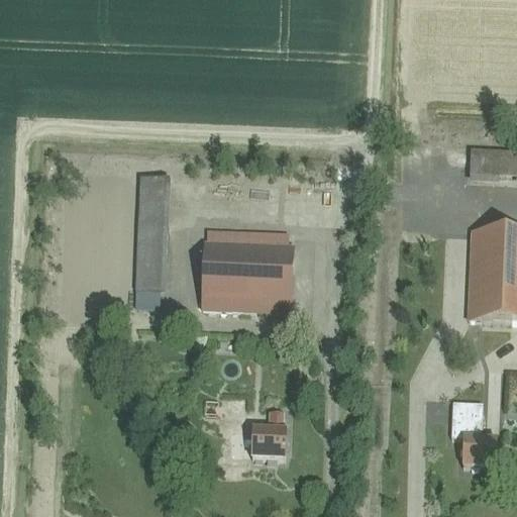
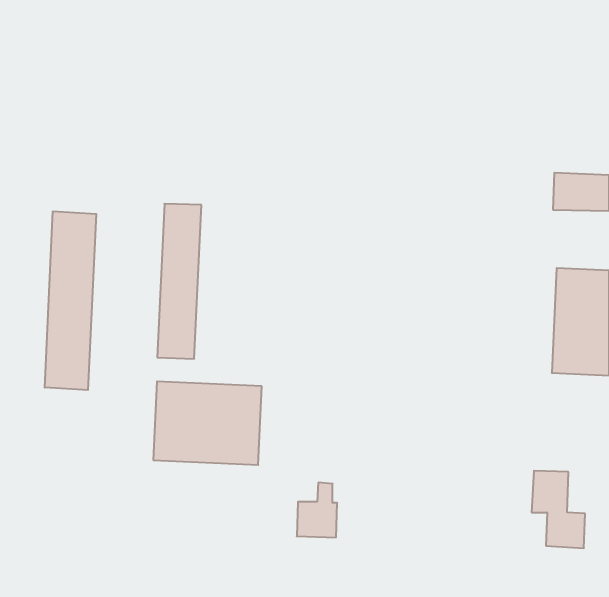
building: none -> [45,211,96,390]
building: [201,238,293,309] -> [153,381,262,465]

